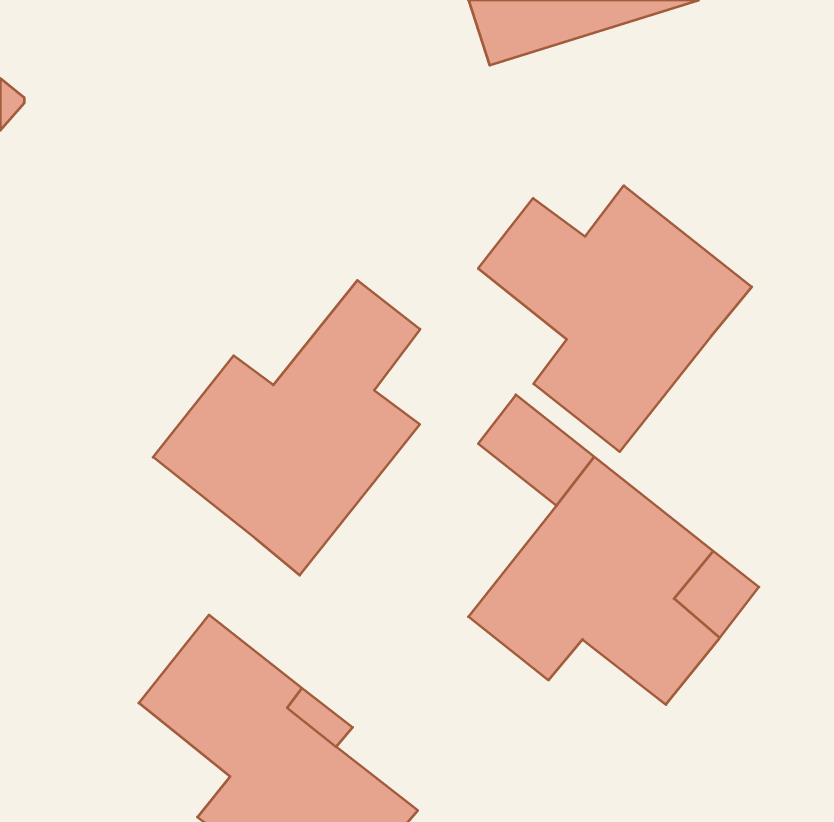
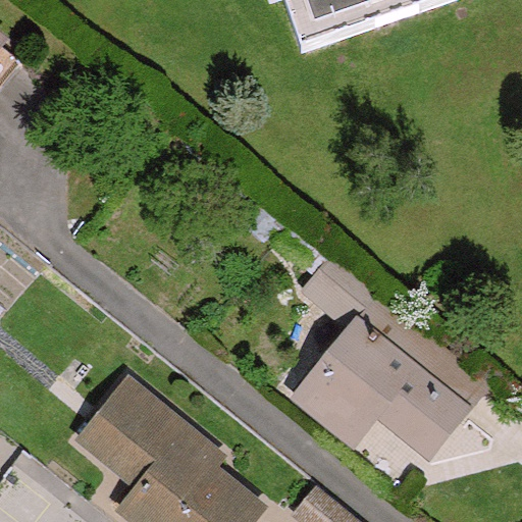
building: [478,186,752,452] -> none
building: [153,280,420,575] -> none

